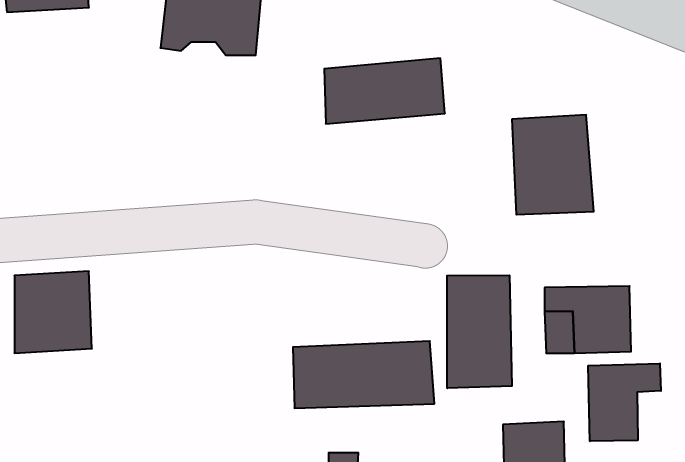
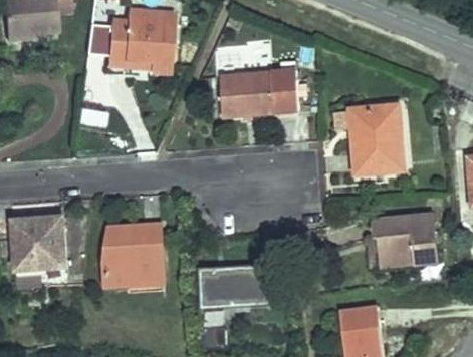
building: [447,275,512,388] -> none
building: none -> [99,222,163,289]
building: [588,363,661,441] -> none

